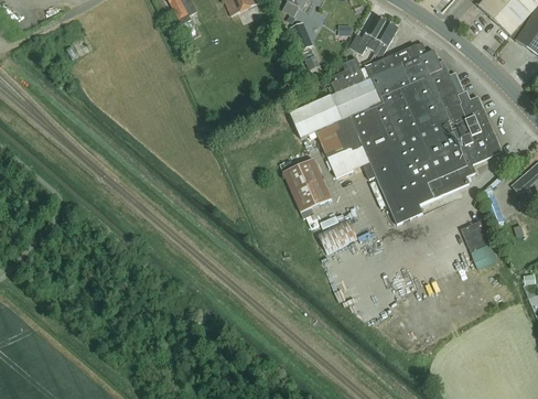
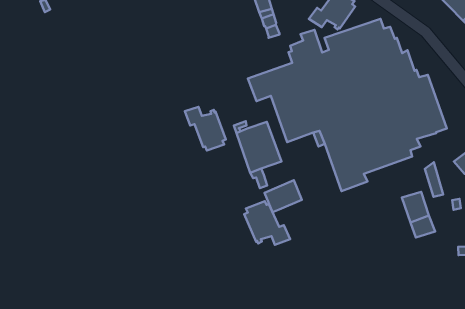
building: none -> [185,107,226,150]
building: none -> [244,201,290,245]

